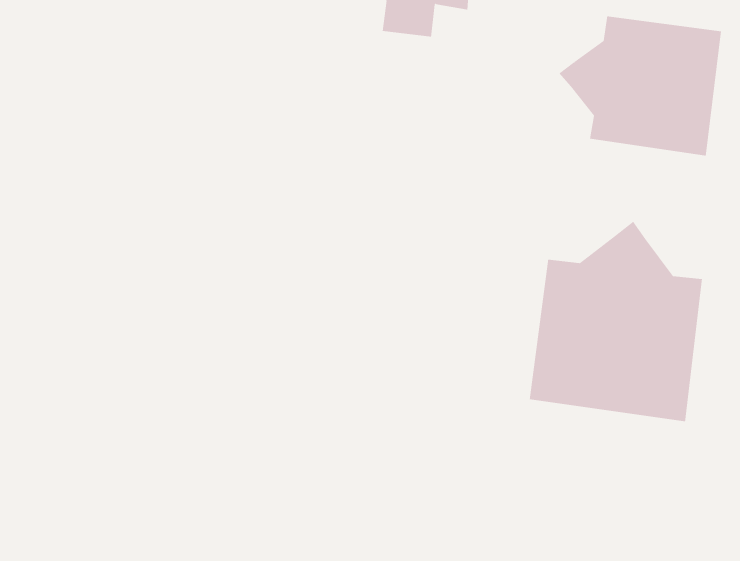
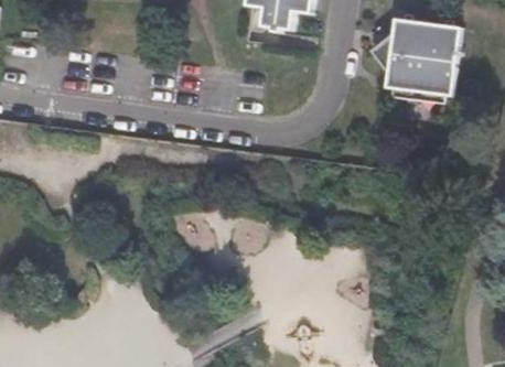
building: [529,221,702,422] -> none

